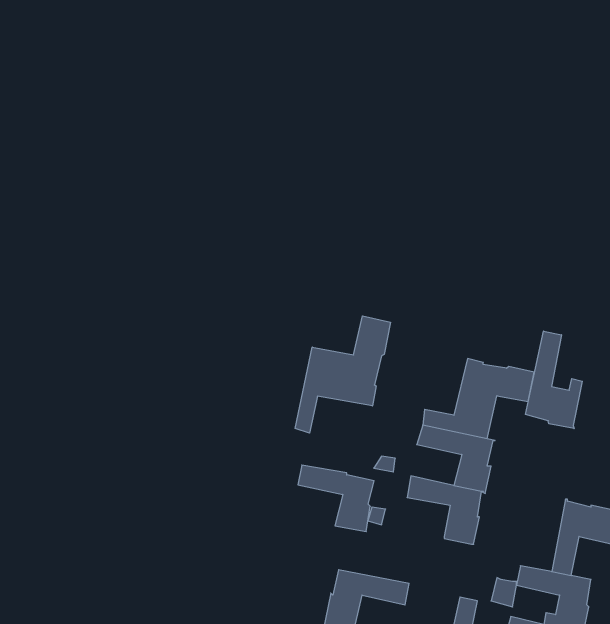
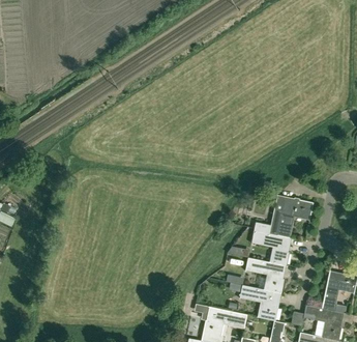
building: [295,316,390,433] -> none
building: [526,331,582,429] -> none
building: [298,465,374,532] -> [240,285,280,320]

